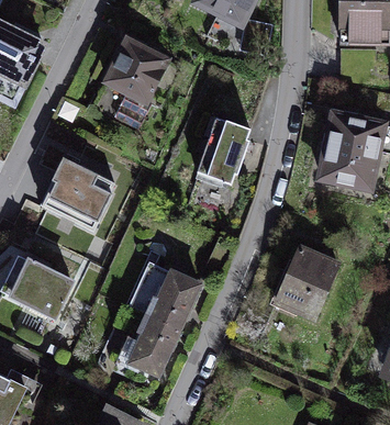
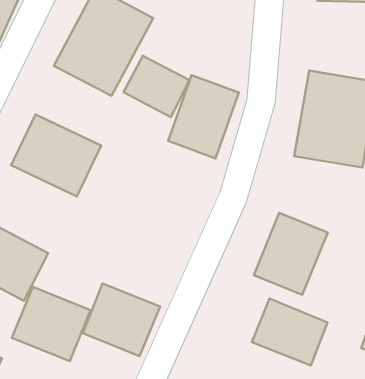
building: none -> [123,56,190,117]
building: [131,262,205,333] -> [12,287,91,361]
building: none -> [252,298,328,365]

